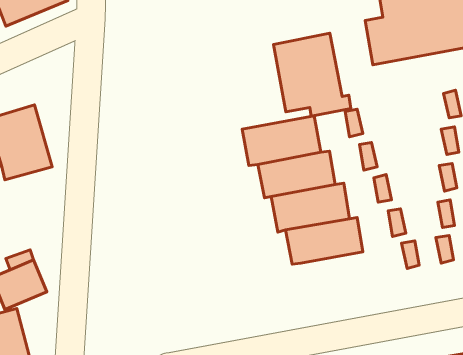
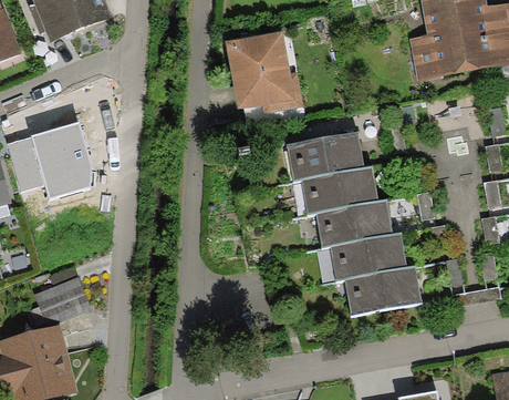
building: [274,33,351,116] -> [226,31,303,114]
building: none -> [344,267,422,316]

